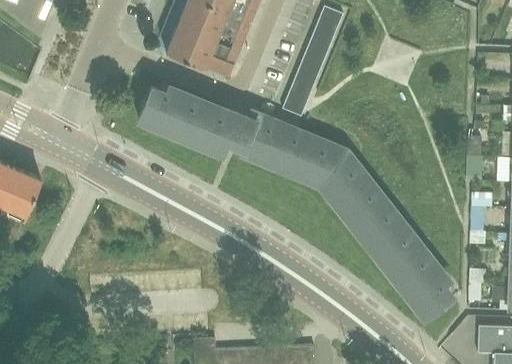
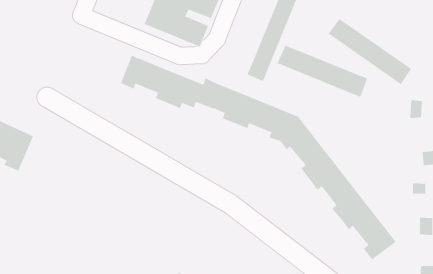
building: none -> [328,18,412,85]
building: none -> [277,45,368,98]

